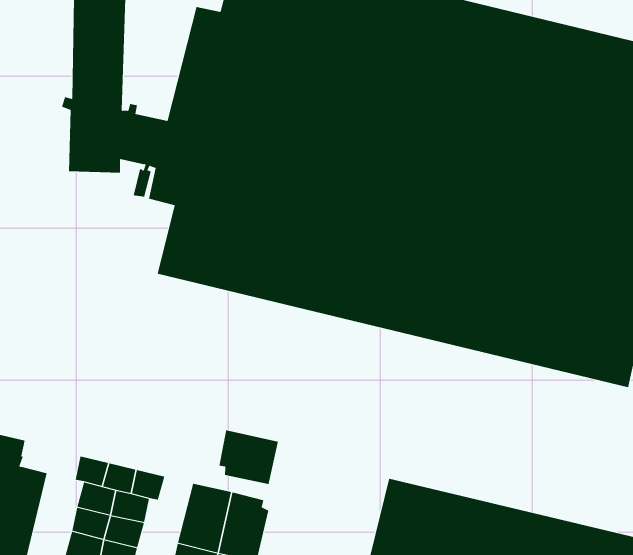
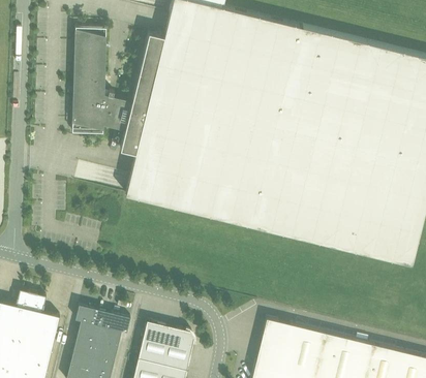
building: [219,429,279,485] -> none

